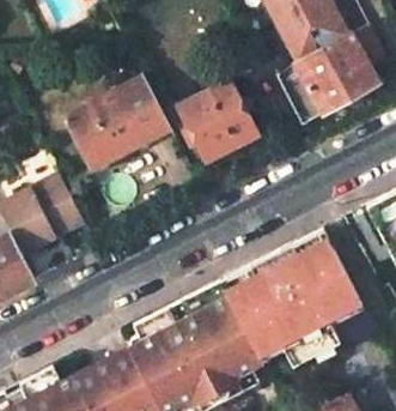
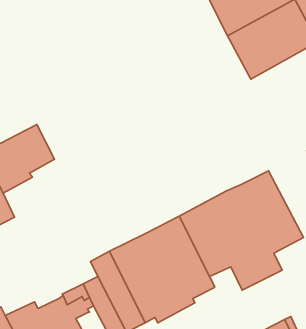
building: [65,79,170,170] -> none
building: [178,81,256,161] -> none

